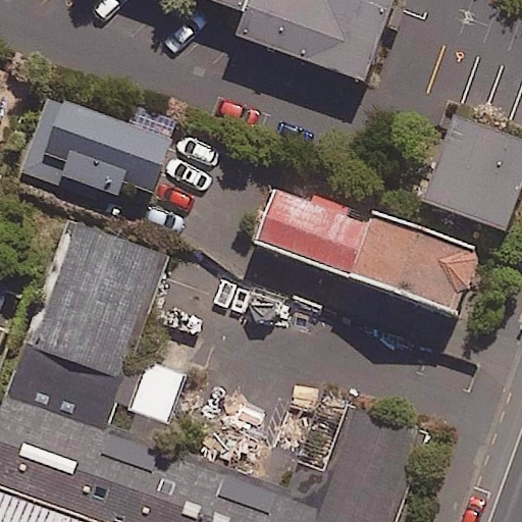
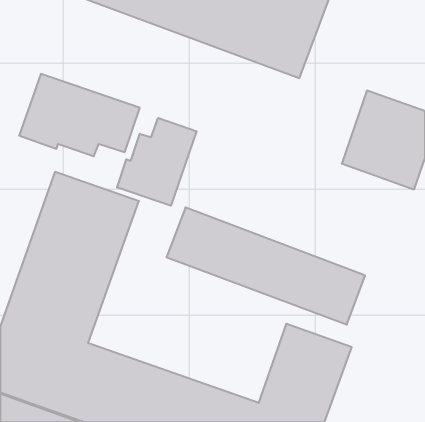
building: none -> [117,118,197,206]
building: [243,182,486,326] -> [166,207,365,325]

